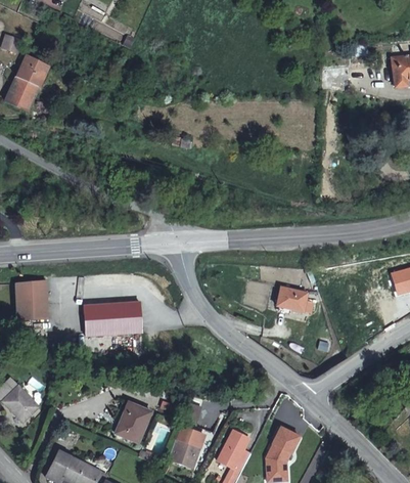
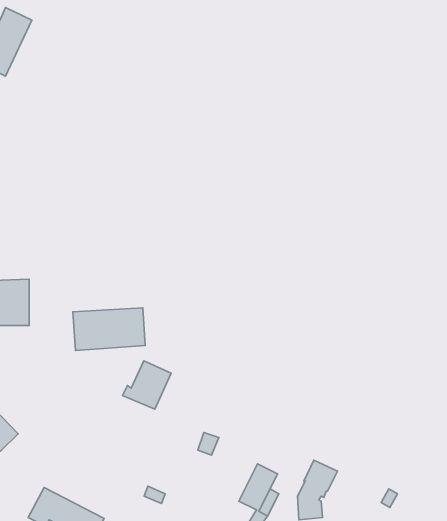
building: [276,287,312,313] -> none
building: [113,402,153,442] -> [122,361,171,409]
building: [170,428,204,469] -> none

